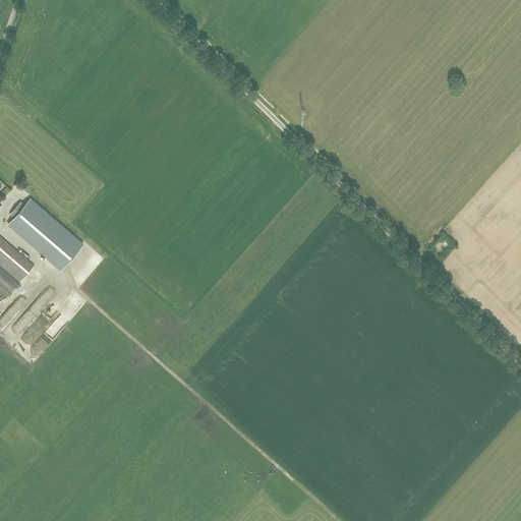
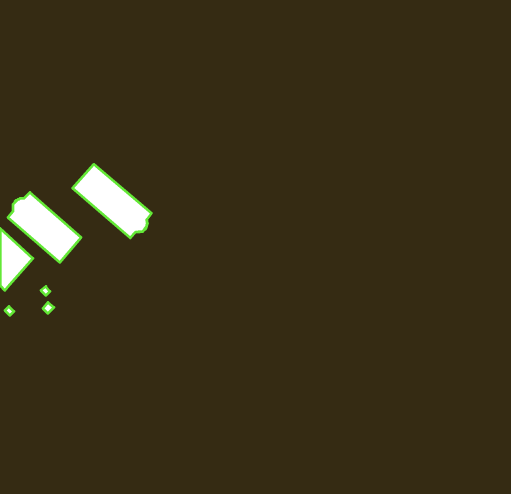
building: none -> [73,164,151,238]

